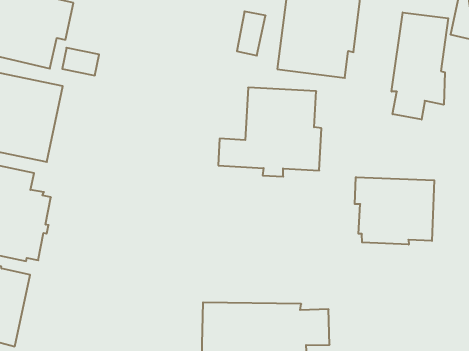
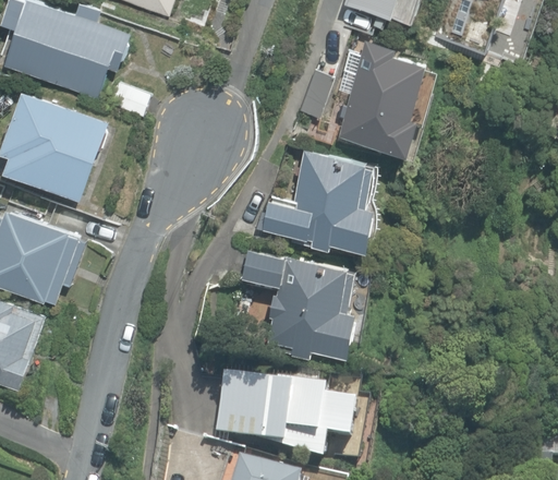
building: [392,12,448,120] -> none
building: [355,177,434,245] -> none
building: none -> [242,253,356,357]

